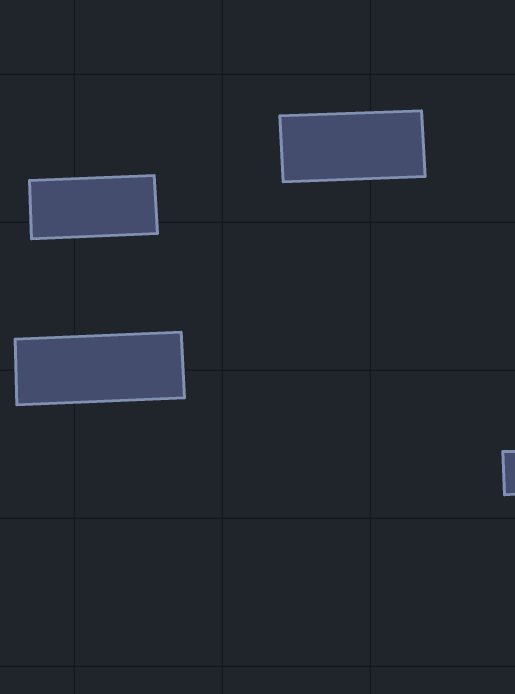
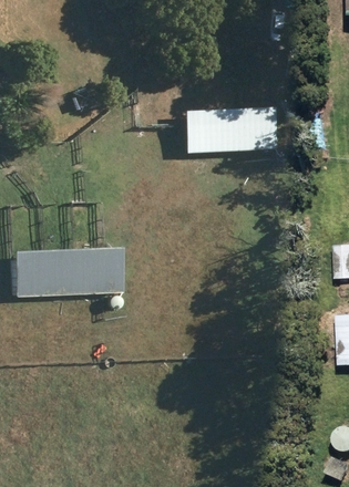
building: [30,175,157,239] -> none

